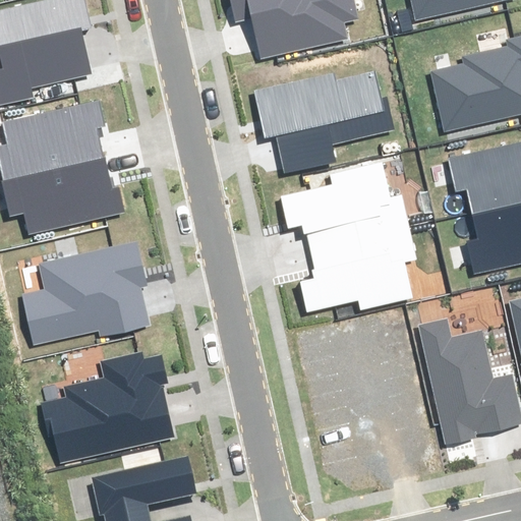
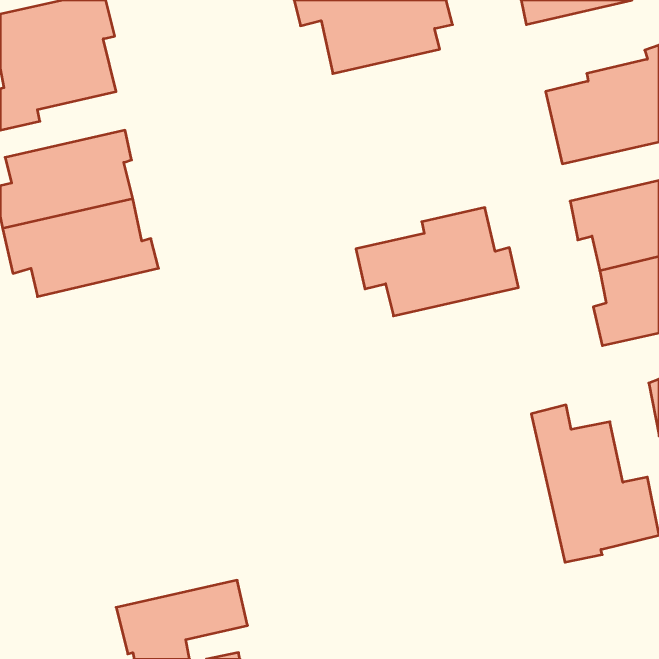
building: [255,72,387,172] -> none
building: [300,227,417,311] -> none
building: [23,243,149,344] -> none
building: [42,354,172,463] -> none

